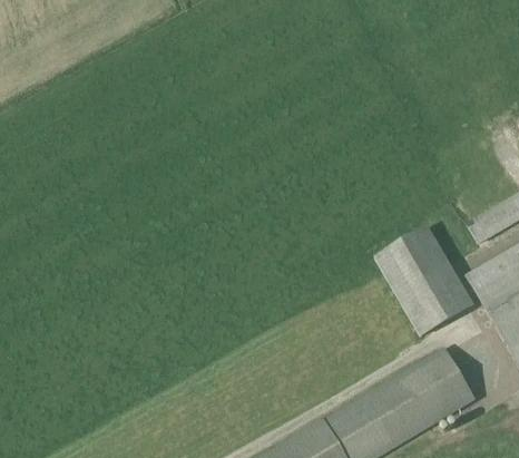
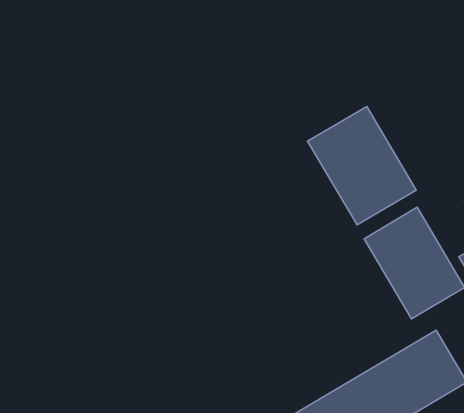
building: none -> [308,106,416,225]

